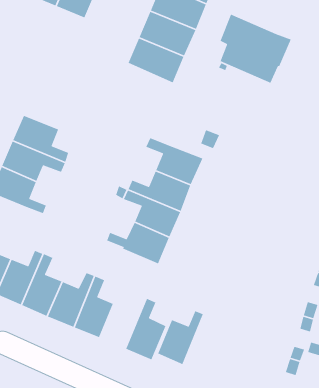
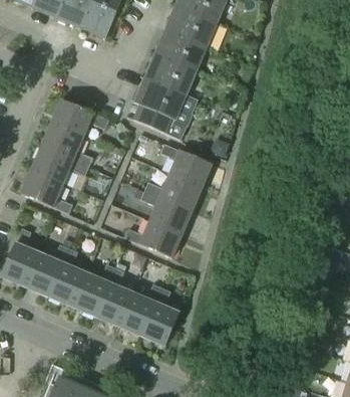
building: [219,13,292,84] -> [135,76,201,140]
building: none -> [52,98,109,136]
building: [157,310,204,365] -> [120,284,162,334]

